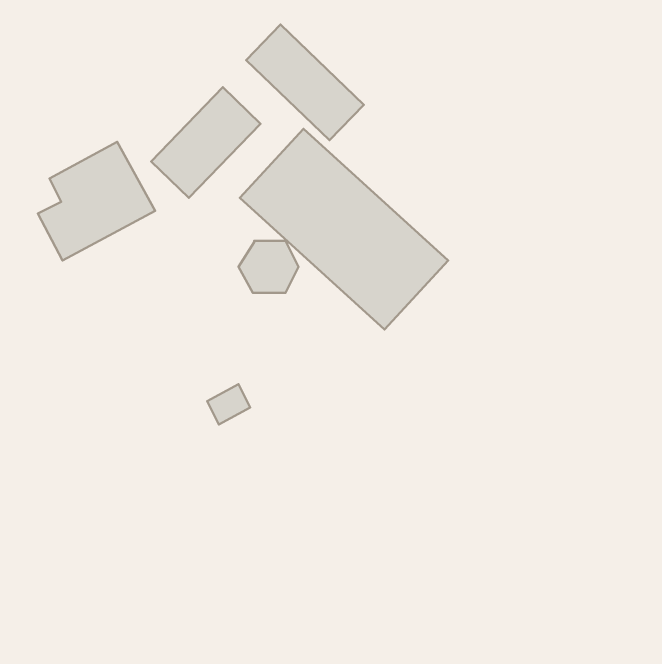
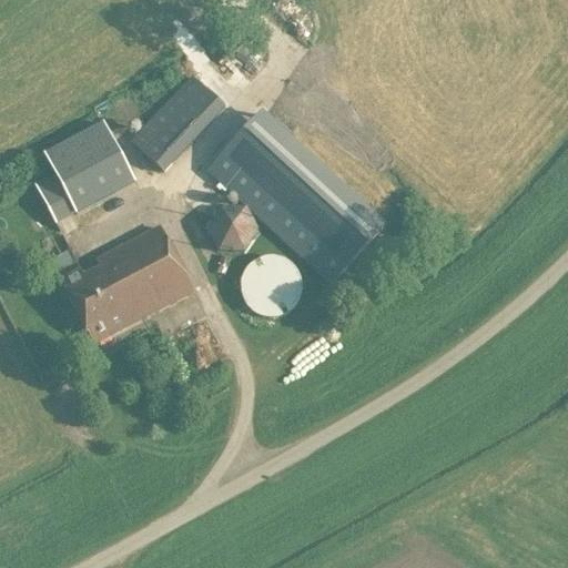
building: [246,24,364,140] -> none
building: none -> [60,225,193,343]
building: none -> [239,254,301,316]

